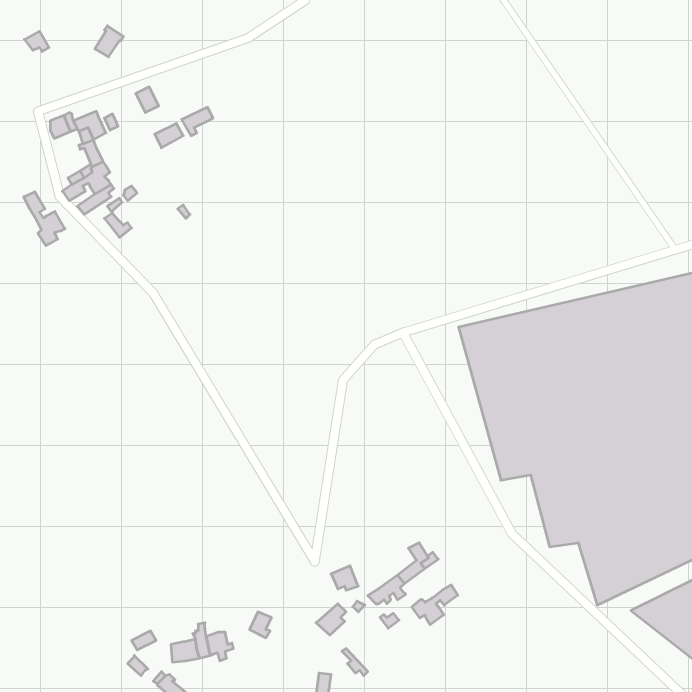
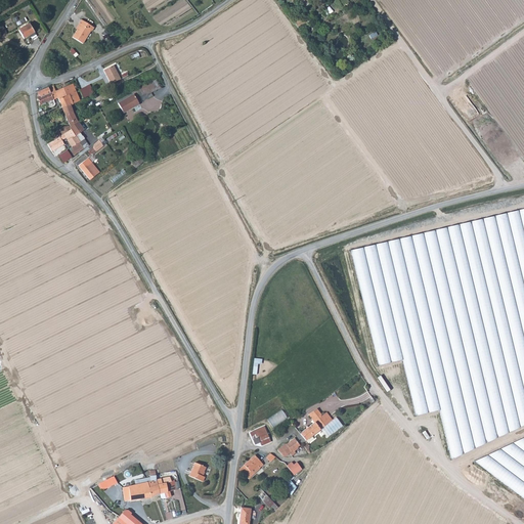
building: [24,192,65,246] -> none
building: [412,585,458,625] -> none

